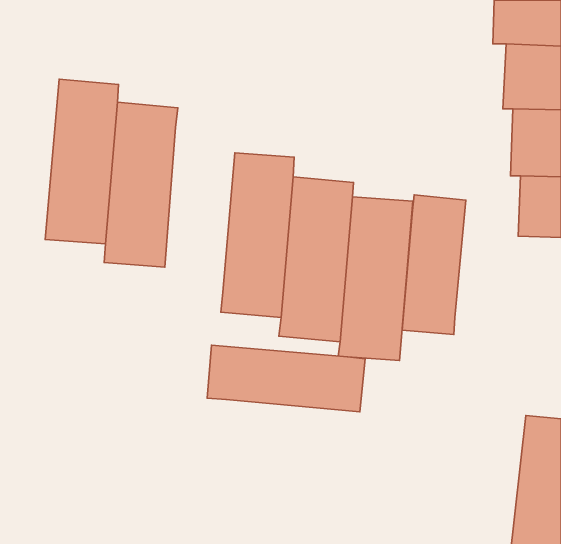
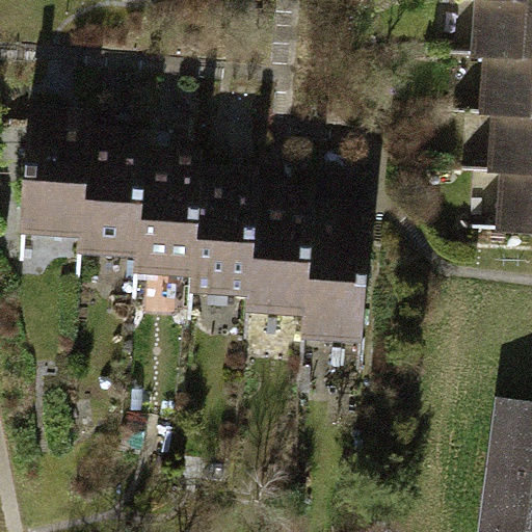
building: none -> [154,137,223,293]
building: [402,195,466,334] -> none
building: [207,345,365,412] -> none

